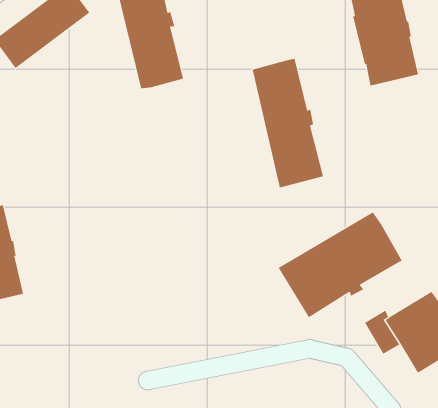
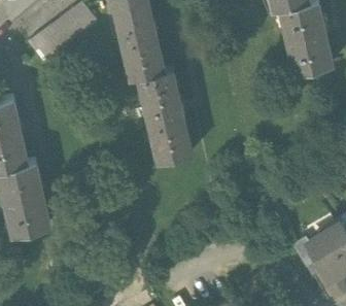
building: [252,58,324,188] -> [141,68,193,161]
building: [278,211,402,318] -> none

